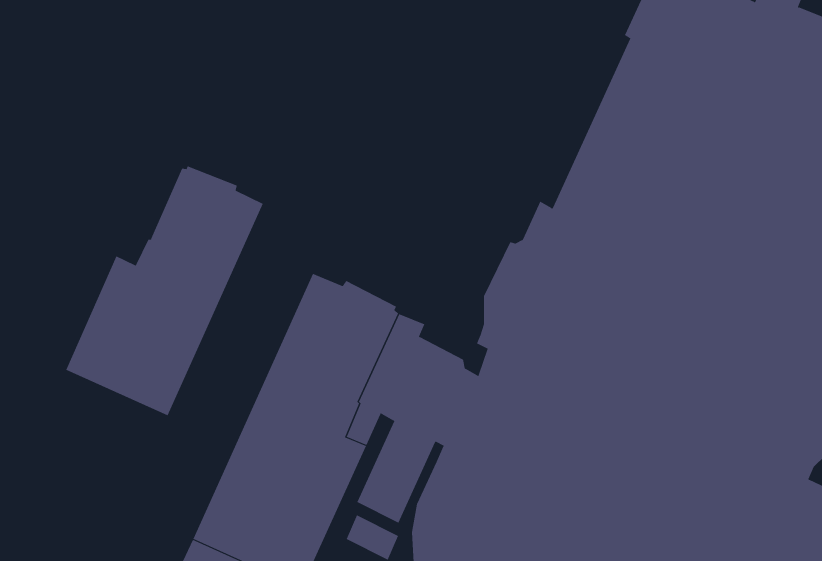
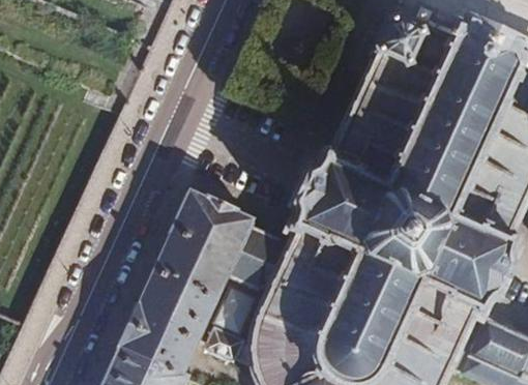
building: [66,166,263,416] -> none

